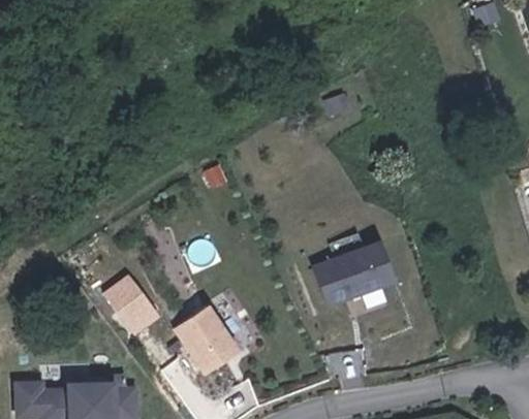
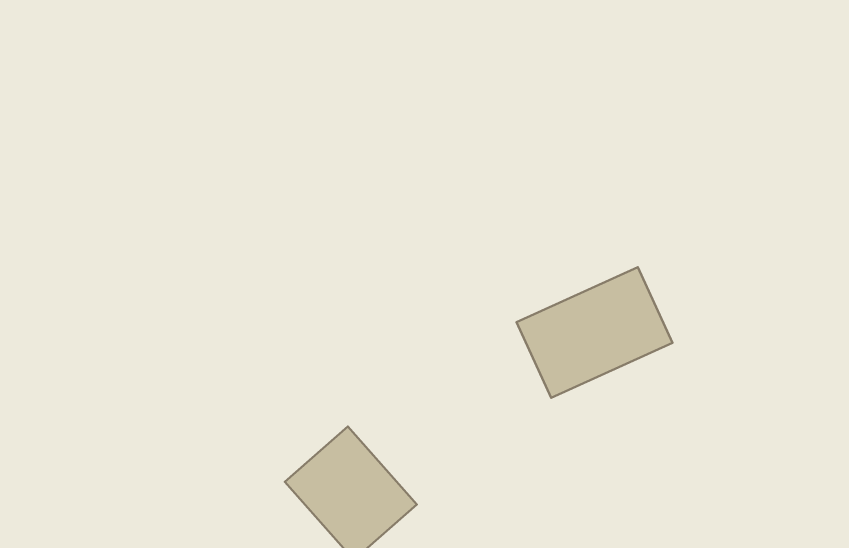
building: [102,276,159,337] -> none

